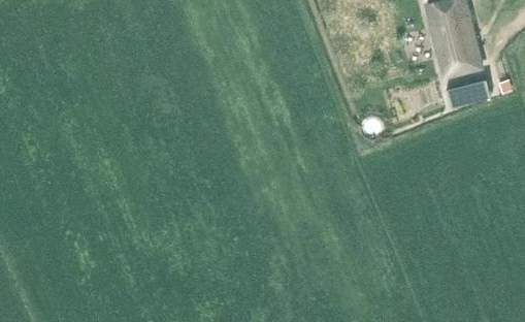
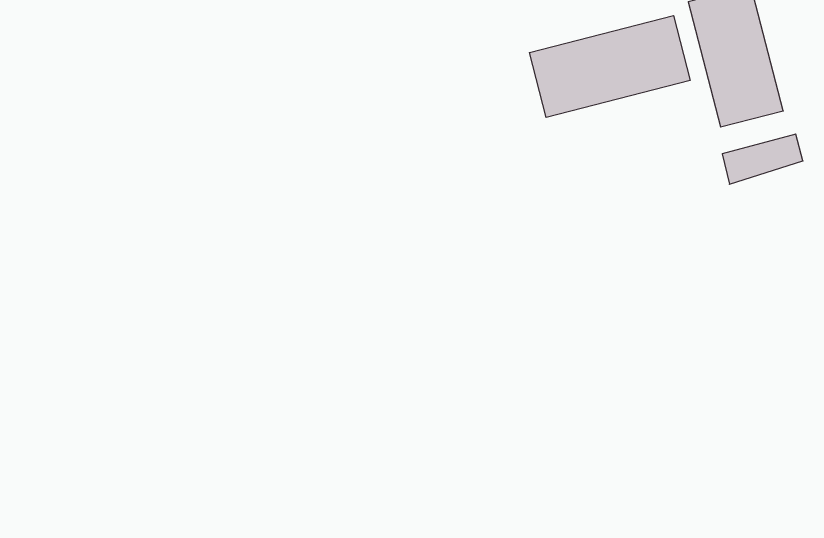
building: none -> [529,16,690,117]

